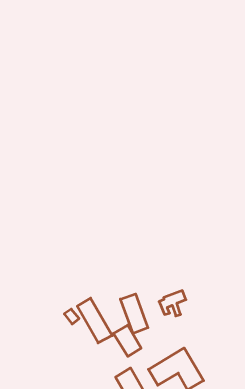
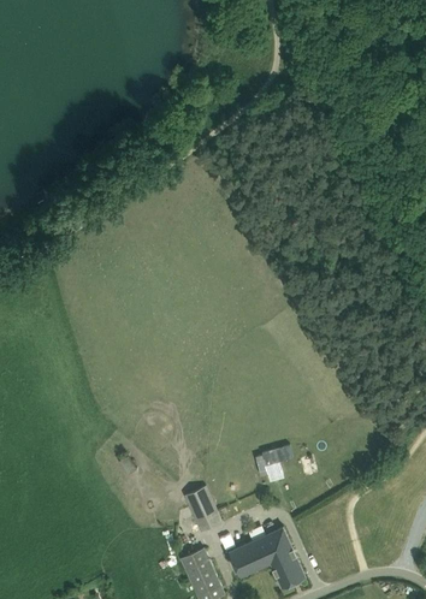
building: [120,294,148,333] -> none
building: [77,298,112,343] -> none

